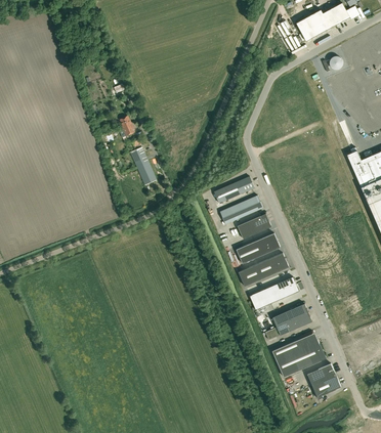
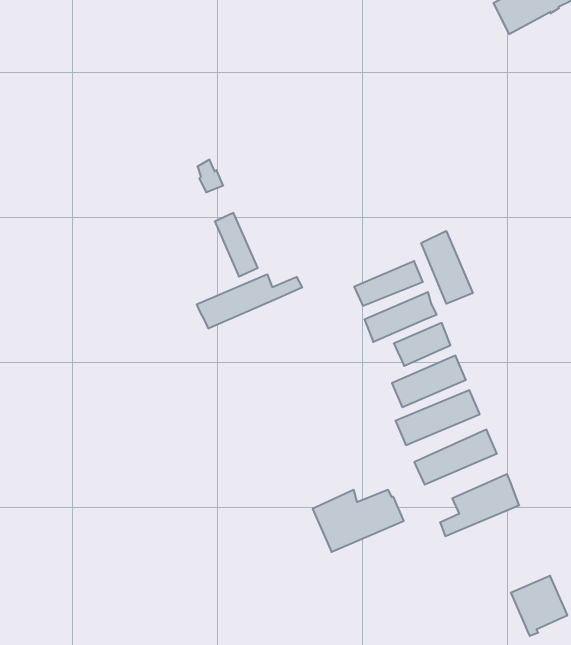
building: none -> [421,231,473,304]
building: none -> [197,274,302,329]
building: [272,339,327,376] -> [313,490,404,552]

